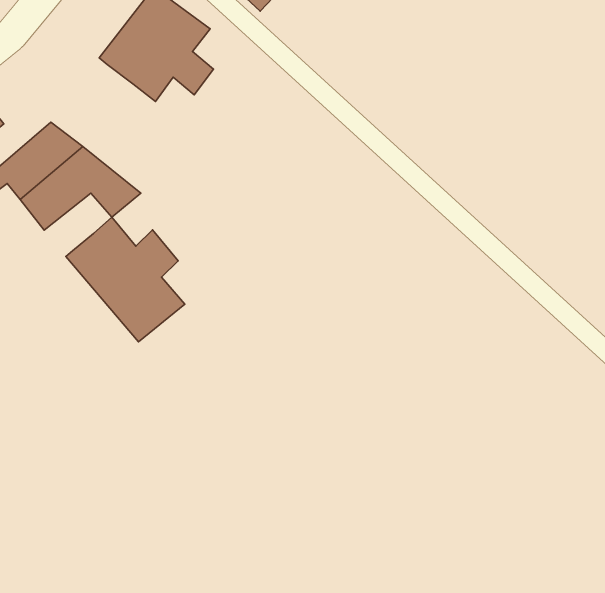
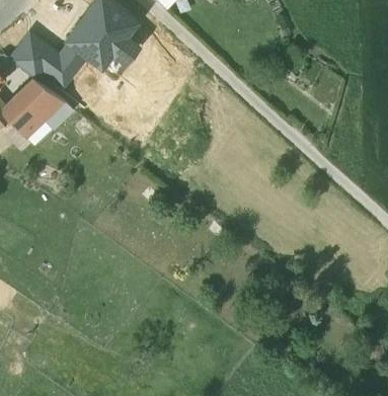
building: none -> [11,34,88,86]
building: [66,217,185,342] -> none

